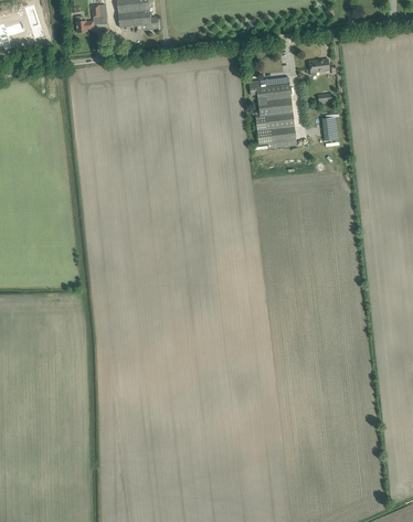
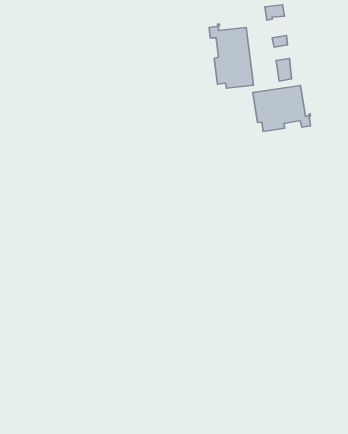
building: none -> [253,85,311,132]

